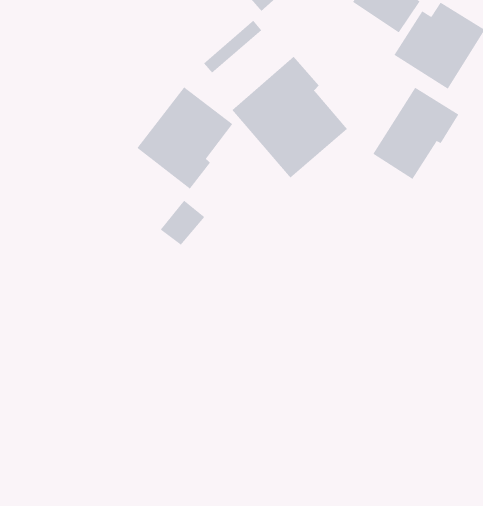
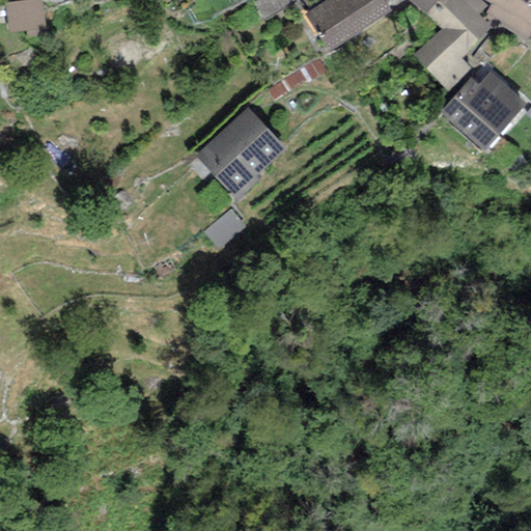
building: [231,56,348,178] -> none
building: [372,87,459,180] -> none

